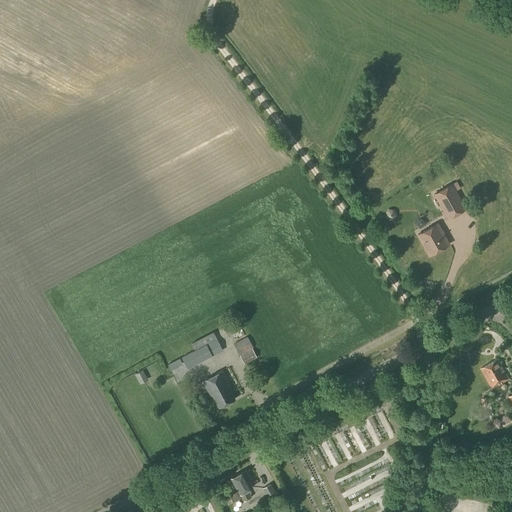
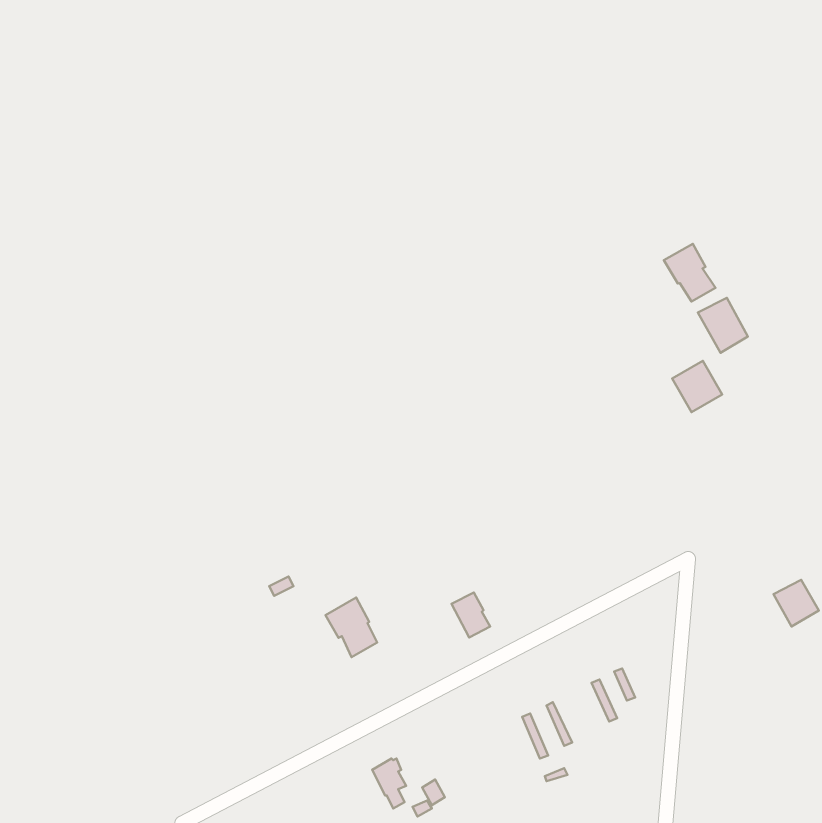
building: none -> [664,244,716,301]
building: [182,333,222,369] -> none
building: [234,337,258,365] -> [451,593,490,638]

